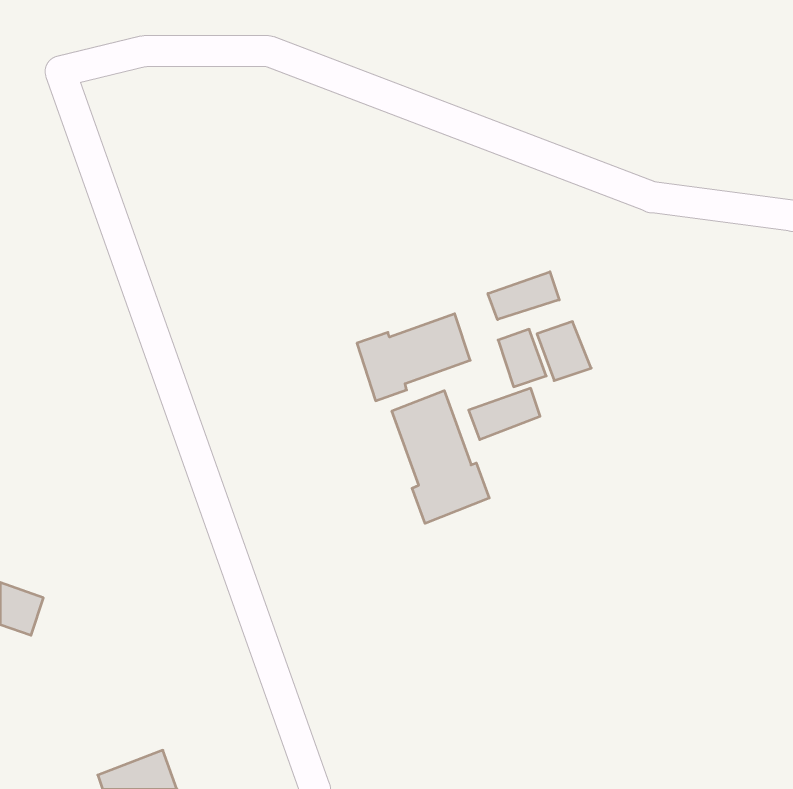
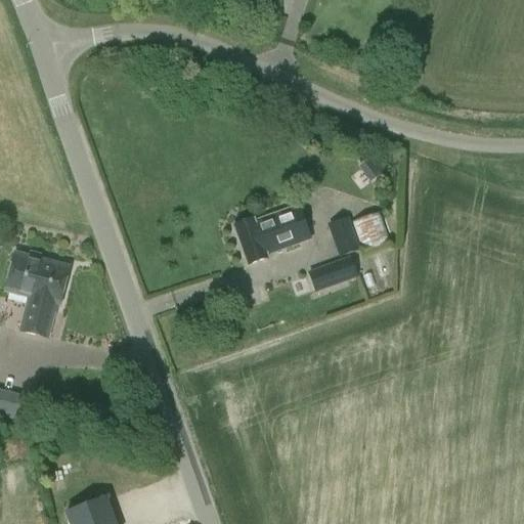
building: [488,272,559,320] -> none
building: none -> [6,252,71,338]
building: [392,391,489,523] -> none

